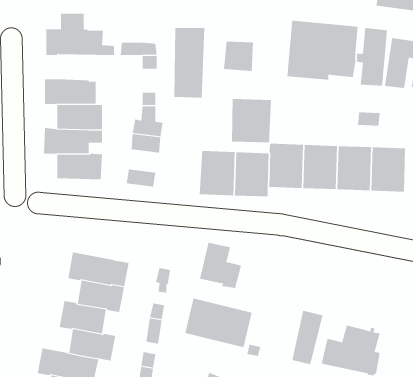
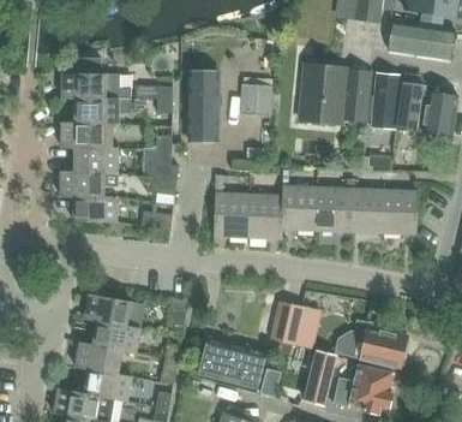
building: none -> [73,99,130,125]
building: [232,98,271,143] -> none
building: [199,242,242,289] -> [270,303,312,349]
building: none -> [336,321,406,368]

